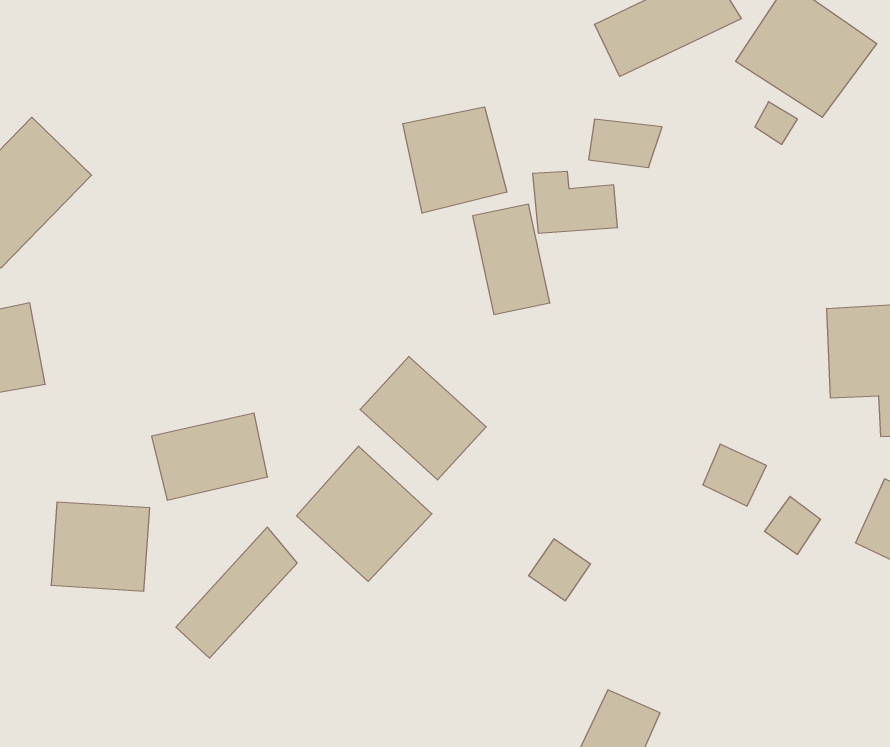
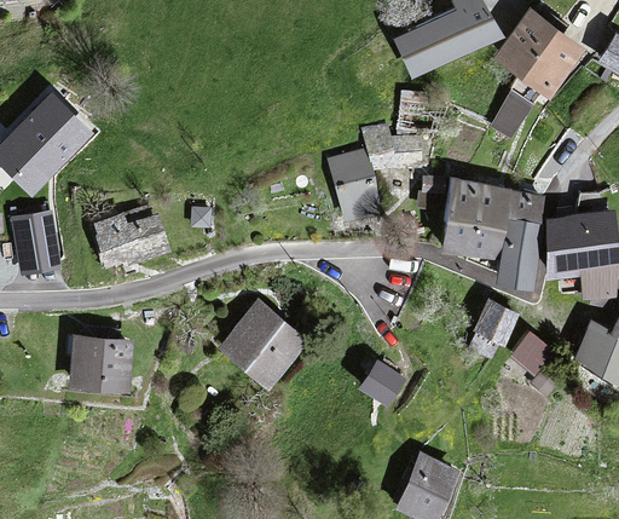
building: [403,107,507,213] -> none
building: none -> [439,173,544,281]
building: [360,356,486,480] -> none
building: [152,413,268,500] -> [93,211,166,265]
building: [176,527,297,658] -> none

